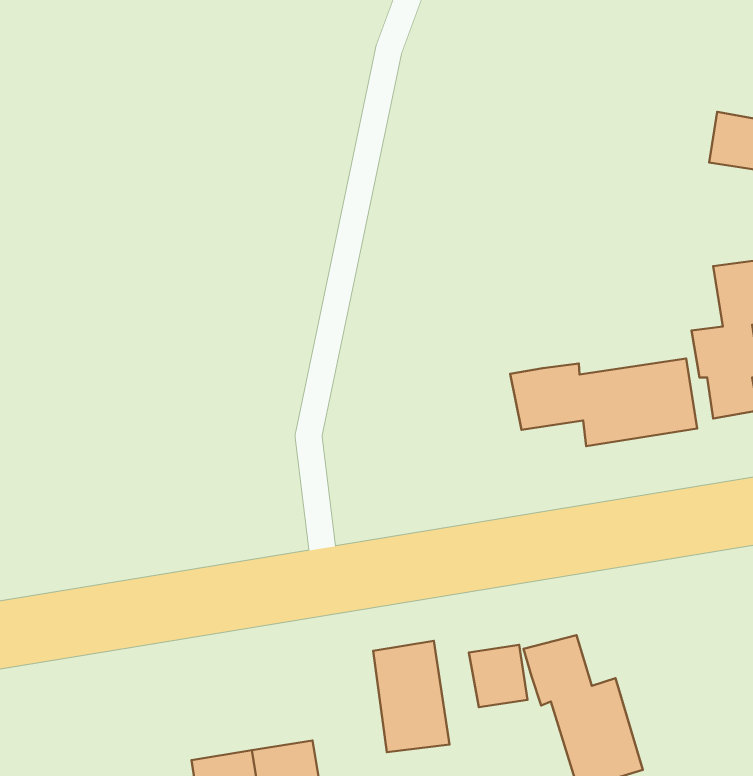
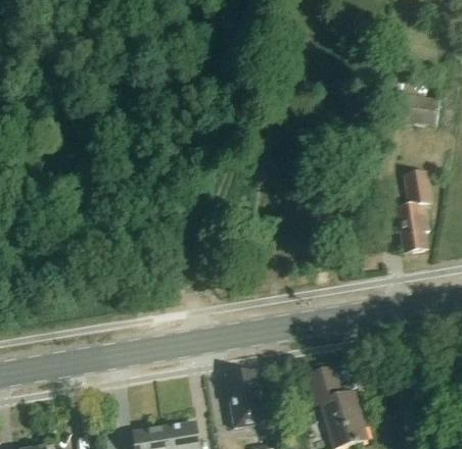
building: [510,359,697,446] -> none
building: [469,645,527,707] -> none

